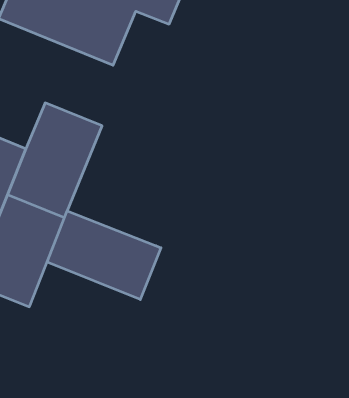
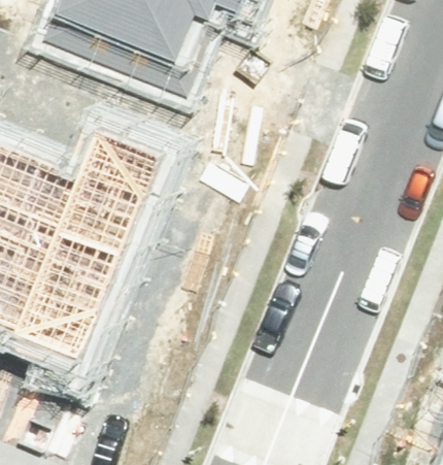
building: [47,211,161,300] -> none

